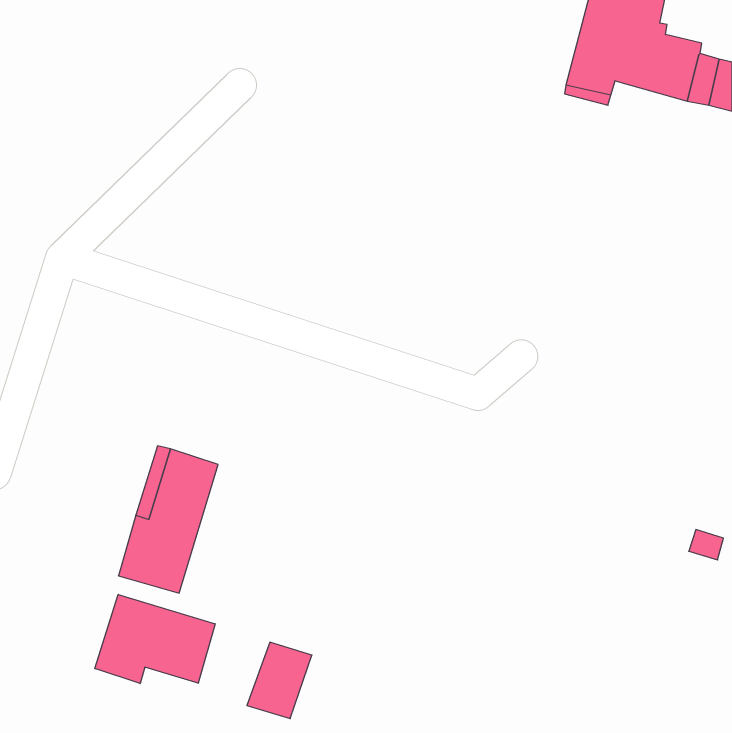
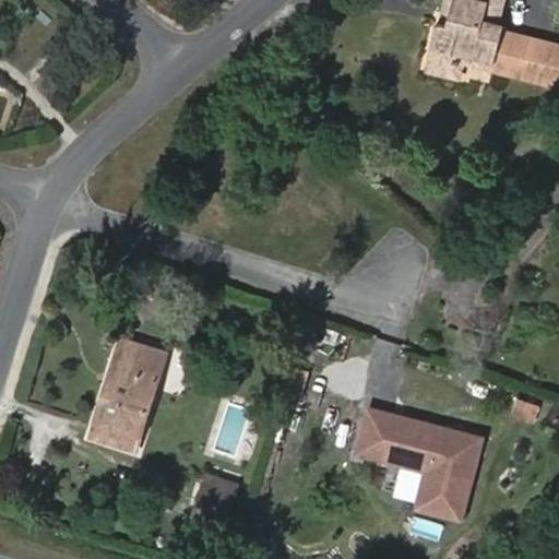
building: none -> [358,407,479,516]
building: [95,594,215,684] -> none

